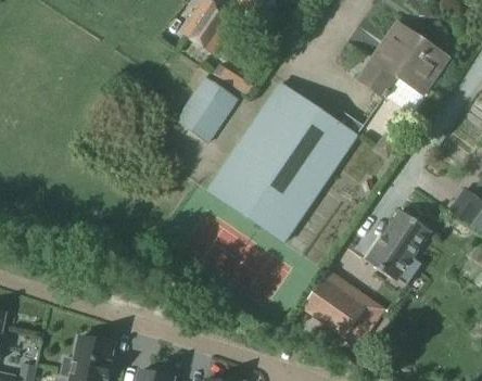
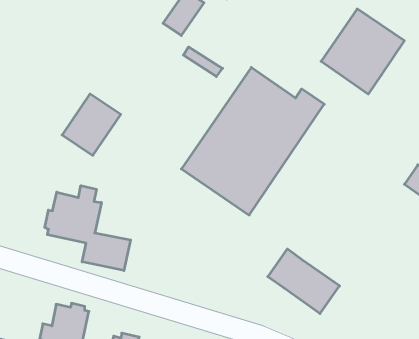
building: [176,75,238,140] -> [62,94,121,155]
building: [366,209,431,284] -> none
building: none -> [45,186,131,271]

